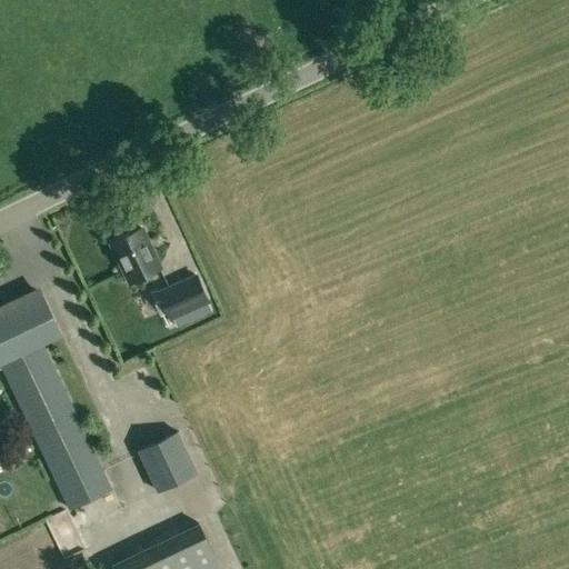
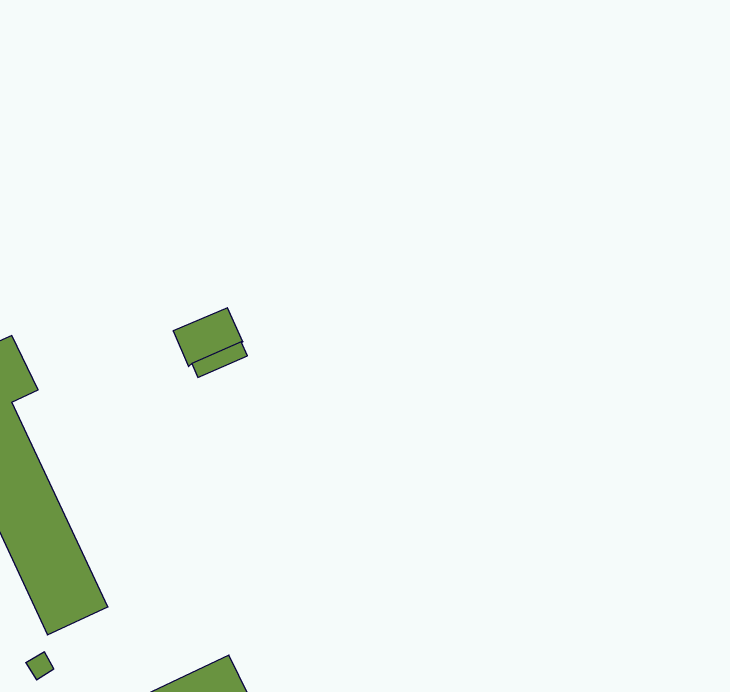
building: [111,230,160,284] -> none
building: [136,431,199,495] -> none

